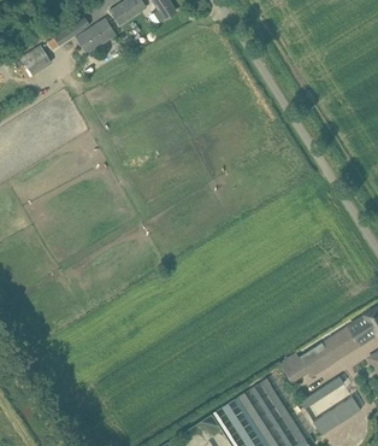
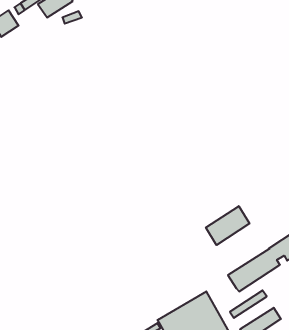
building: none -> [206,206,249,245]

